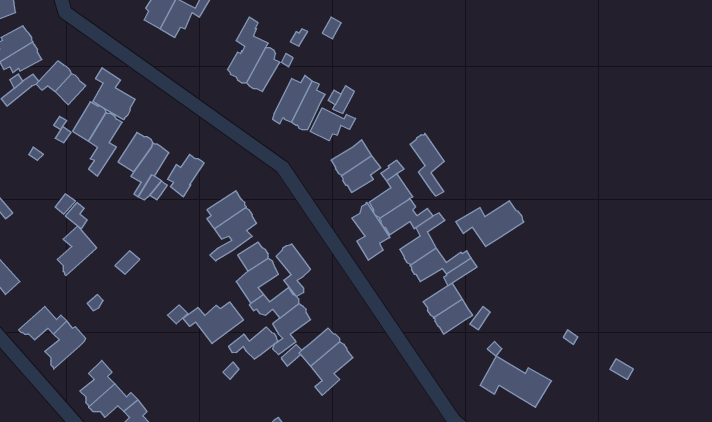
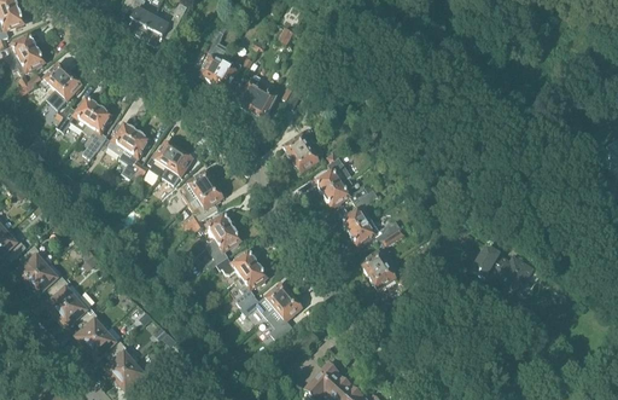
building: [93,68,135,120] -> none
building: [310,108,356,141] -> none
building: [410,133,444,196] -> none
building: none -> [162,147,193,182]
building: [456,201,524,247] -> none
building: [352,202,390,260] -> none
building: [57,226,97,276] -> [18,244,51,285]
building: [276,244,310,297] -> none
building: [183,302,243,344] -> none
building: [229,327,278,359] -> none
building: none -> [54,295,94,326]
building: [480,356,552,407] -> [473,247,532,289]

